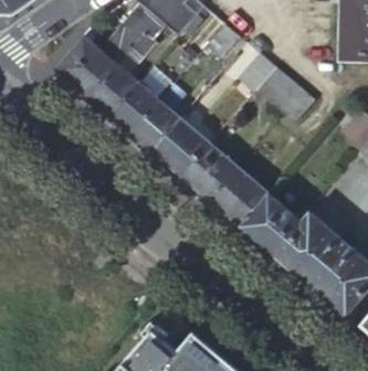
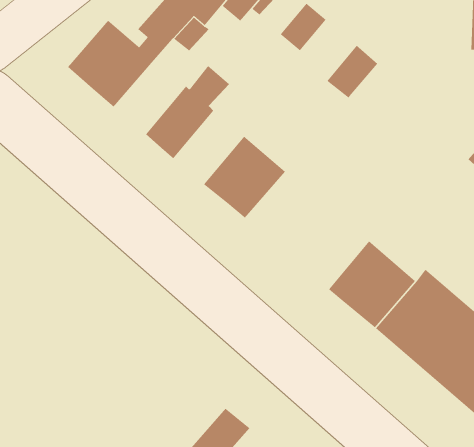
building: [88,65,139,117] -> none
building: [255,67,314,123] -> none
building: [130,100,180,152] -> none
building: [181,144,269,226] -> none

